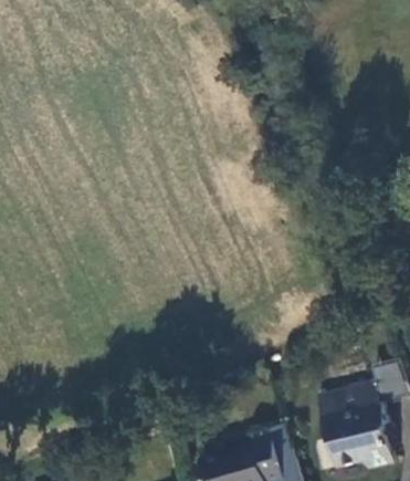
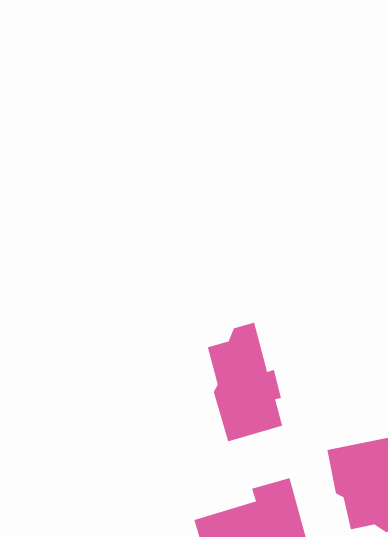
building: none -> [207,322,283,442]

